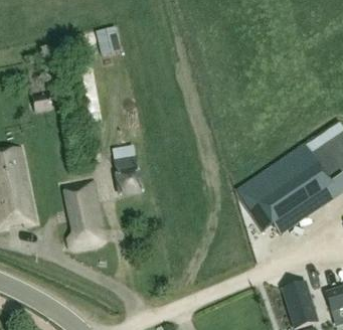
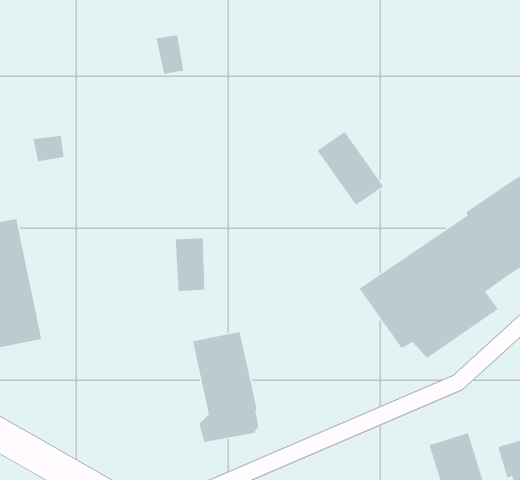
building: none -> [316,131,384,206]
building: [63,180,106,251] -> [192,331,259,443]

